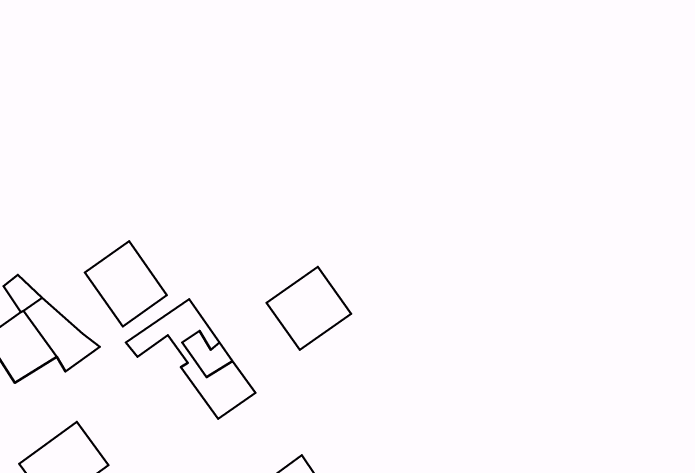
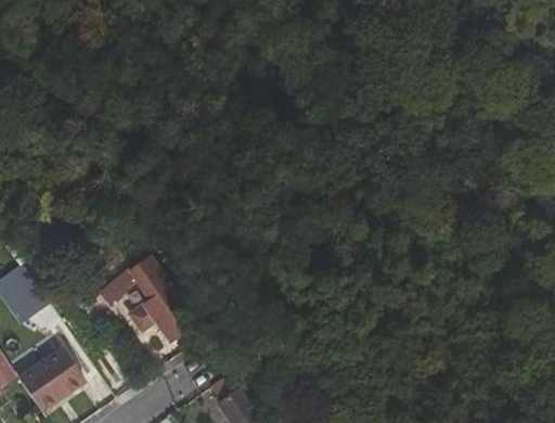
building: [85,241,167,327] -> none
building: [266,267,351,350] -> none

